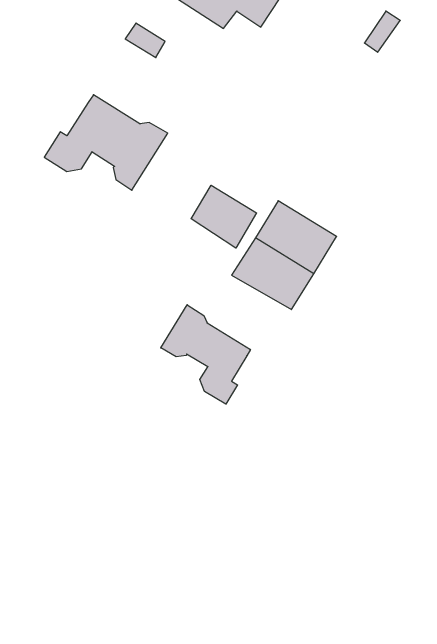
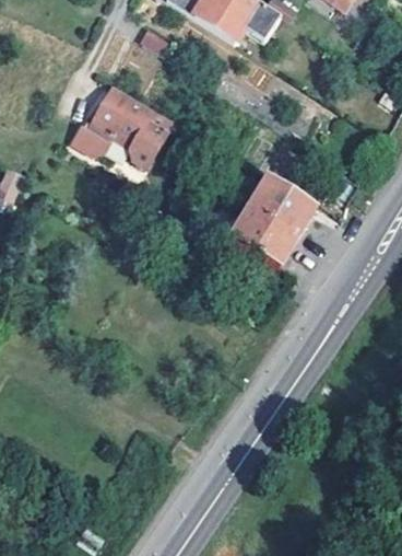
building: [191,185,257,248] -> none
building: [161,305,250,404] -> none

